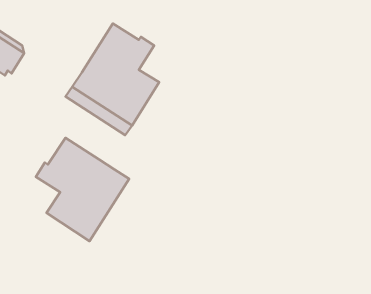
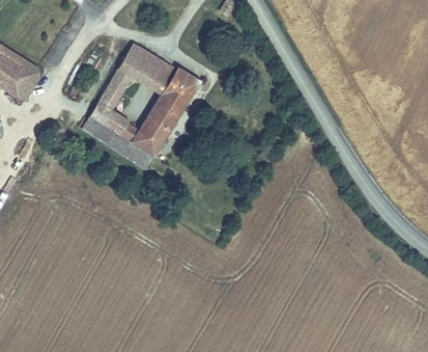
building: none -> [162,69,200,108]
building: [36,138,129,241] -> none

